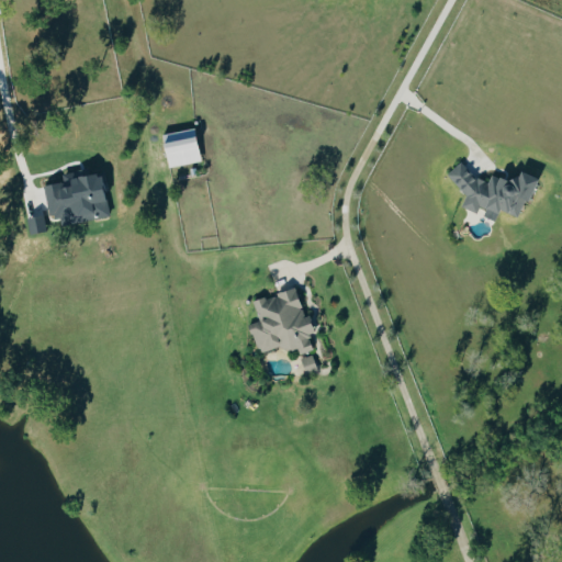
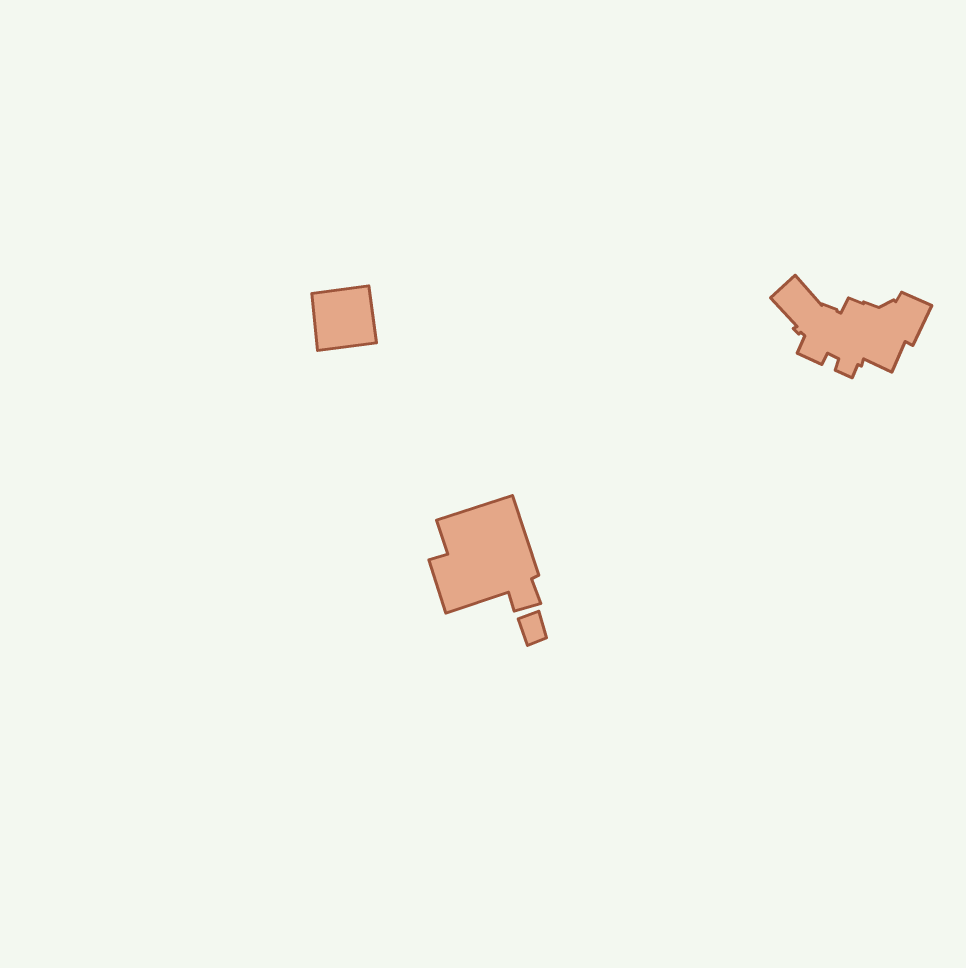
building: [164,128,201,166] -> [312,286,376,350]
building: [43,171,111,227] -> none

